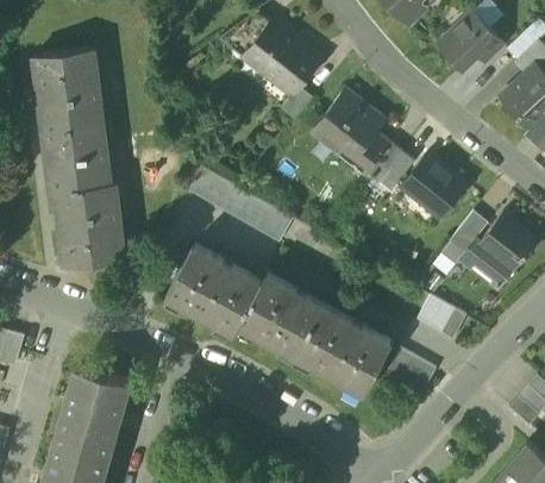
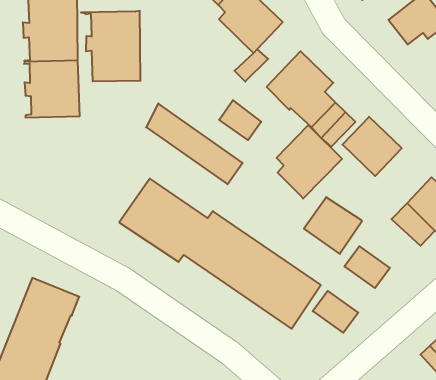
building: none -> [219,100,261,140]
building: none -> [277,125,342,199]
building: [51,183,124,265] -> [81,11,141,81]
building: [450,212,488,253] -> none
building: none -> [304,197,362,254]

